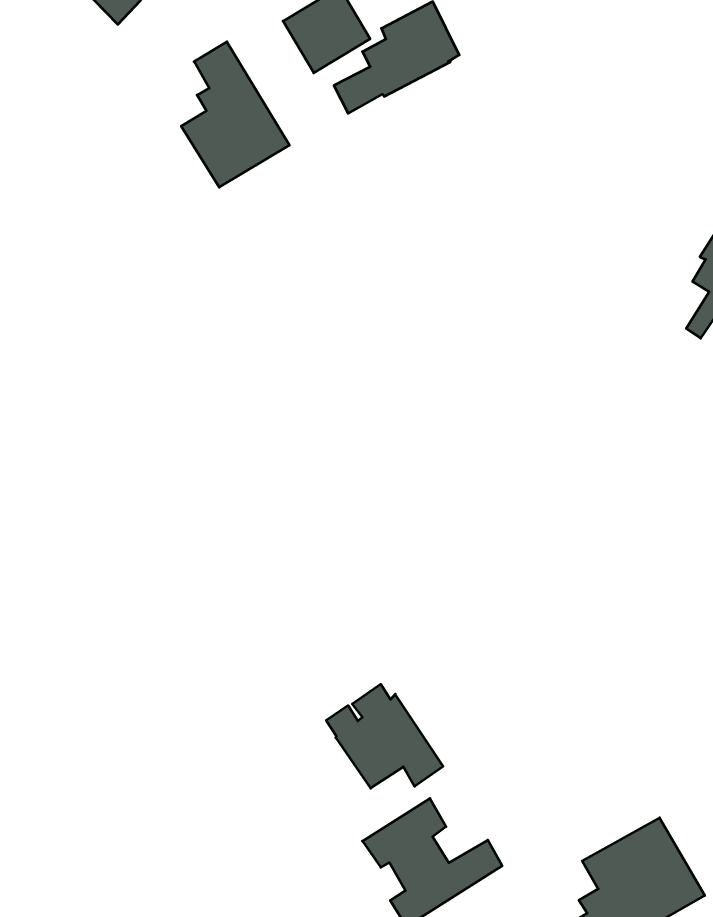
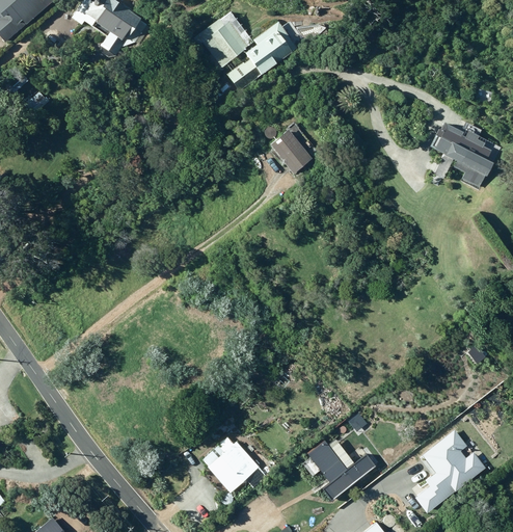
building: [181,42,289,187] -> none
building: none -> [270,129,313,174]
building: [326,684,443,788] -> [202,436,267,491]

